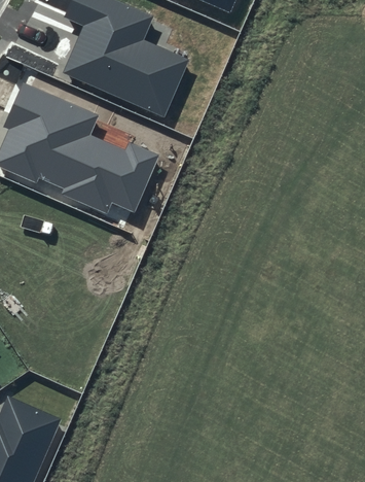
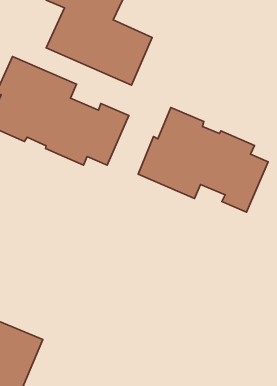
building: none -> [138,108,268,212]

